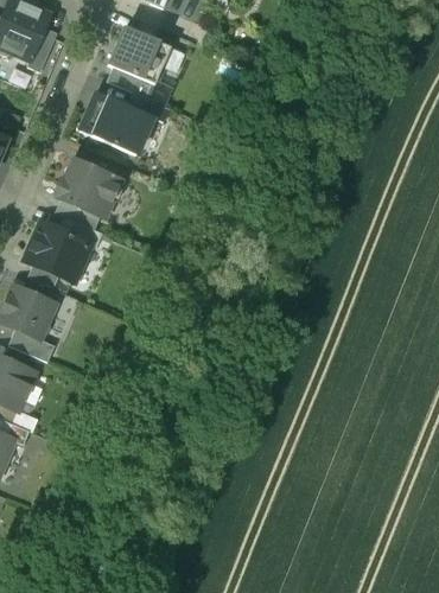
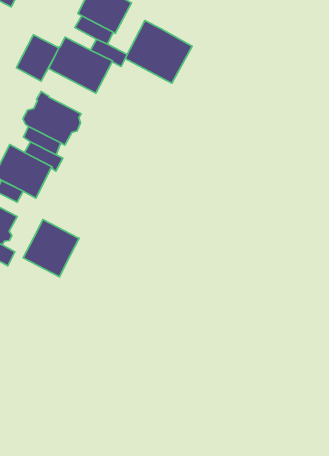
building: none -> [125,20,192,83]
building: none -> [17,35,59,81]
building: none -> [23,219,79,277]

